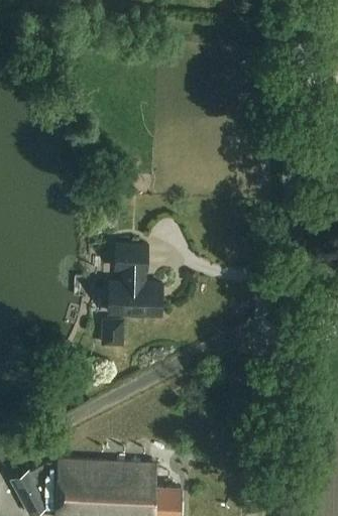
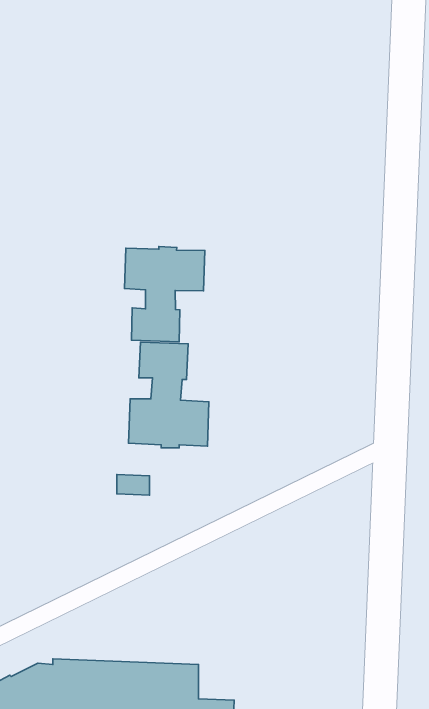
building: none -> [125,246,205,342]

